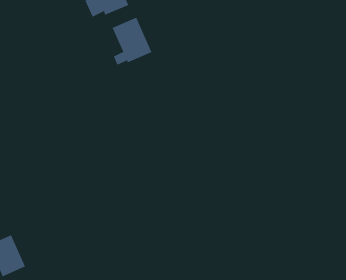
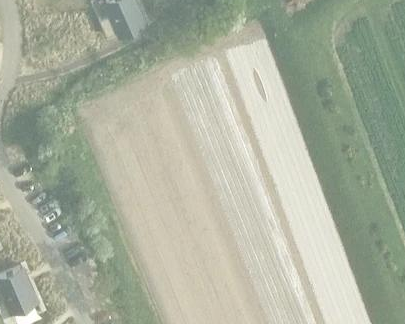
building: [112,17,152,66] -> none

